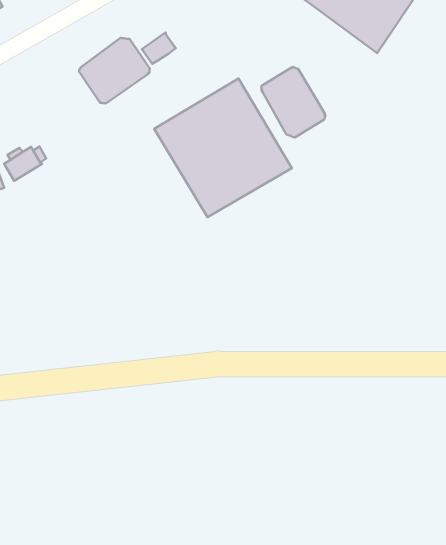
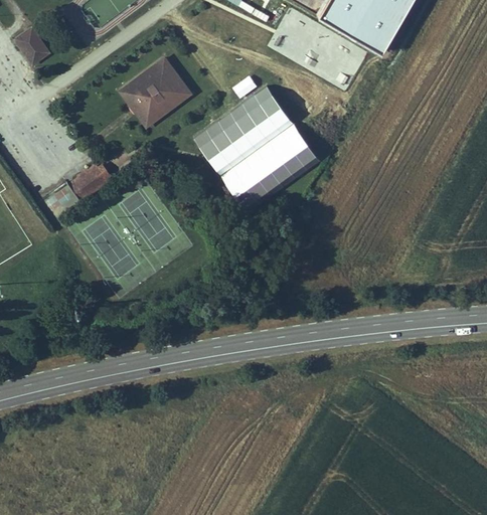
building: [142,32,176,64] -> none
building: [261,67,326,137] -> none

